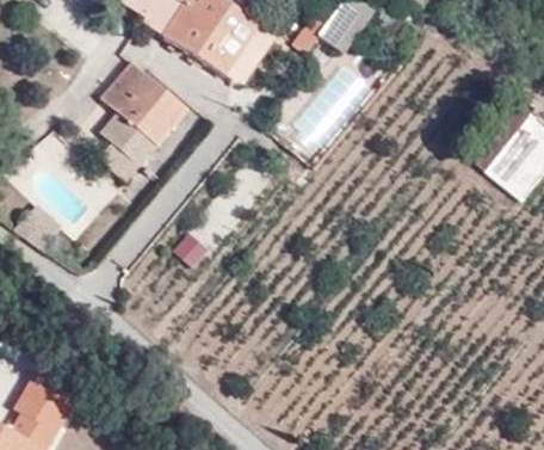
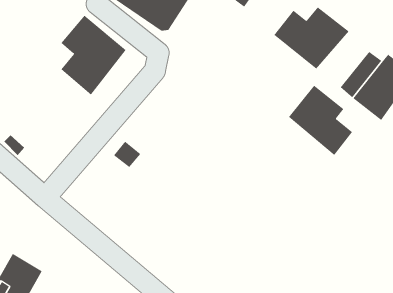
building: none -> [273,6,349,70]
building: none -> [288,85,353,156]

